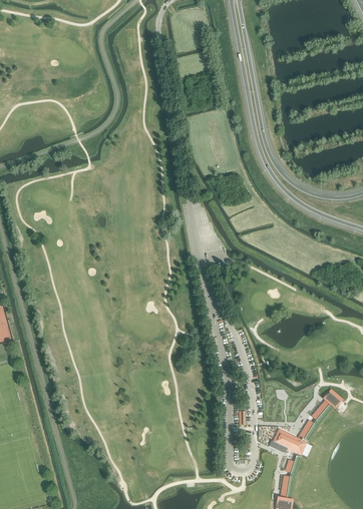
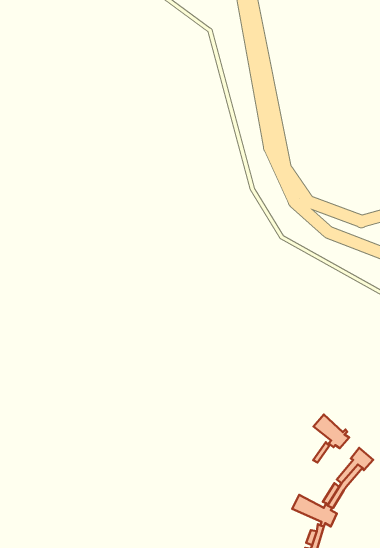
building: none -> [313,414,349,462]

